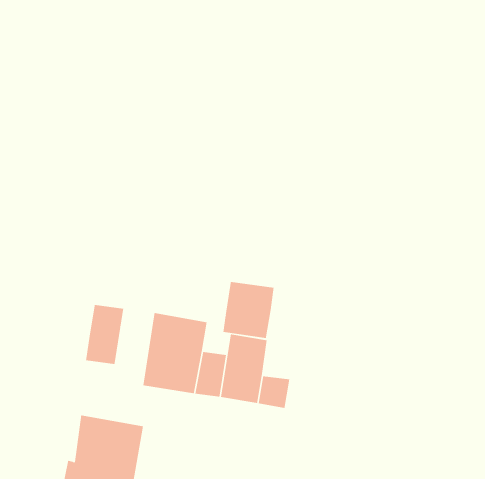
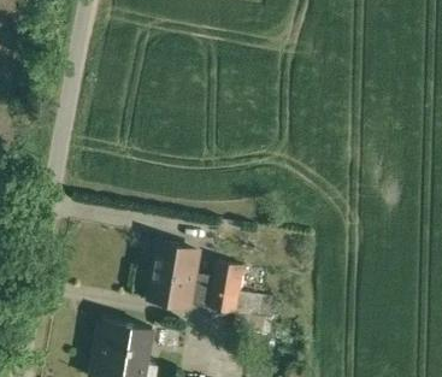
building: [223,281,274,339] -> none
building: [86,304,124,365] -> none

